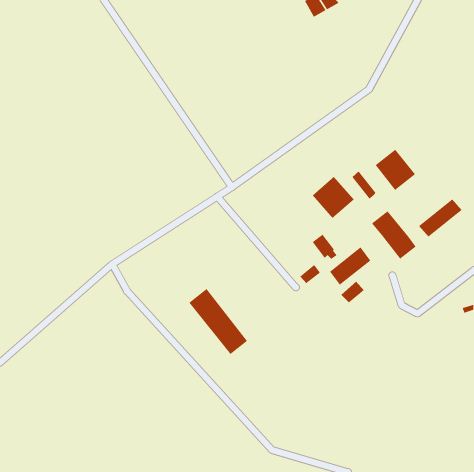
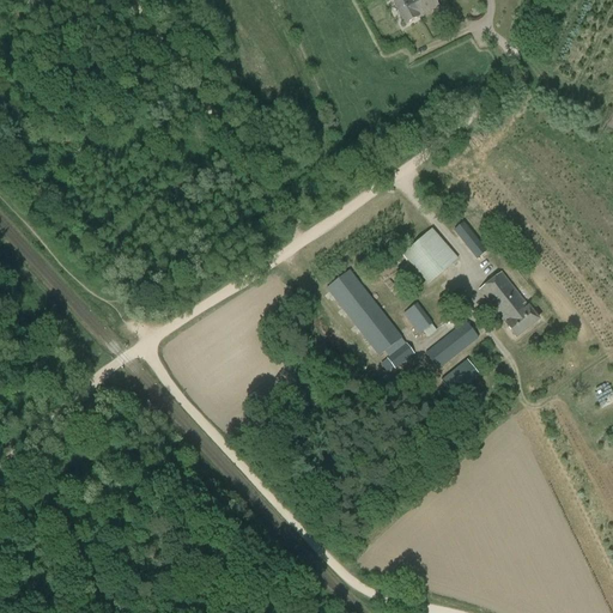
building: [375,149,416,191] -> none
building: [418,199,463,237] -> none
building: [188,288,248,355] -> [326,268,402,354]

